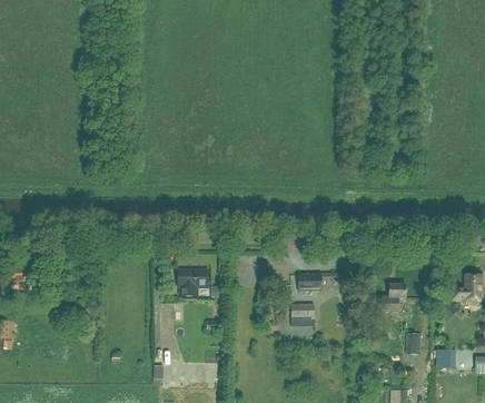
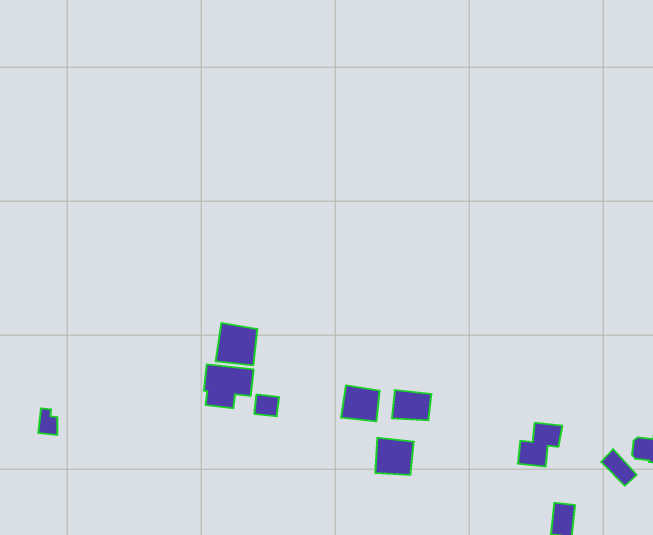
building: none -> [216,323,257,365]
building: none -> [341,385,379,422]

